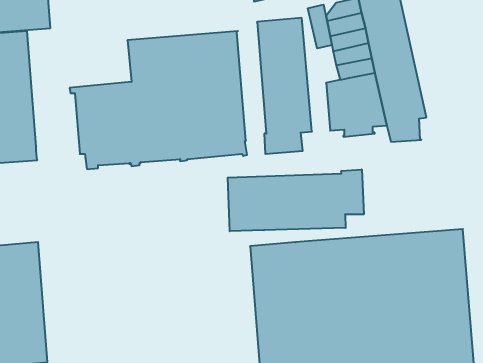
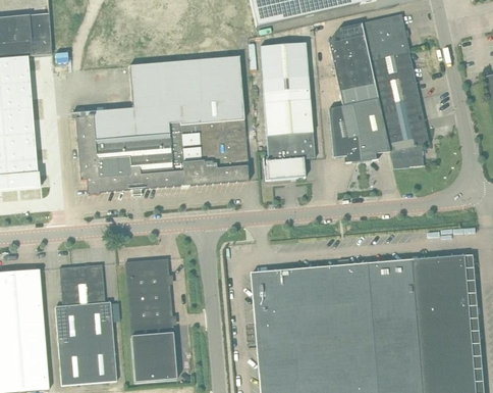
building: [308,5,332,48] -> none
building: [228,169,364,231] -> none
building: none -> [125,258,177,382]
building: none -> [55,264,117,385]

